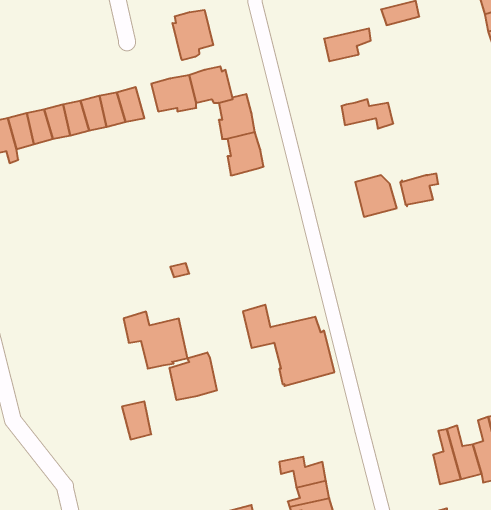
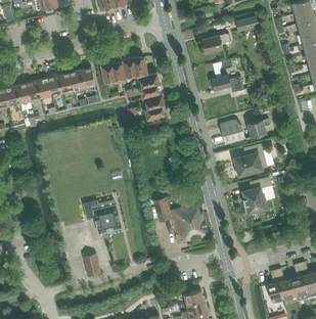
building: [172,10,213,60] -> none
building: none -> [234,144,267,175]
building: none -> [243,177,272,214]
building: [170,352,217,400] -> none

